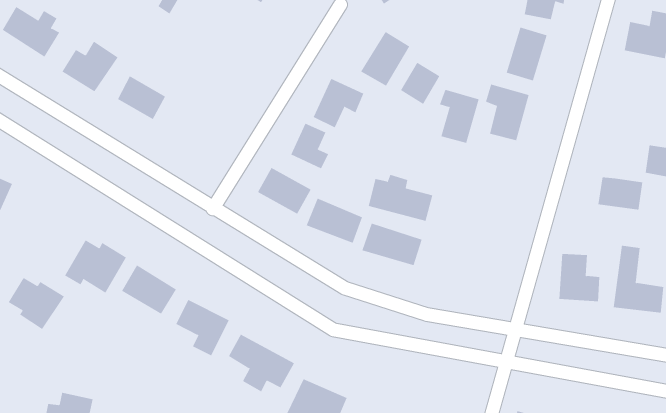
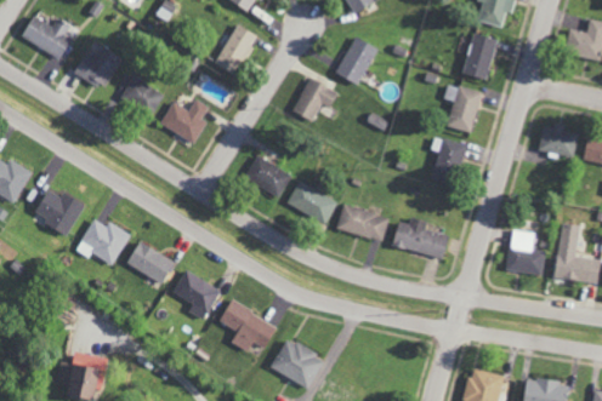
building: none -> [214,24,257,75]
building: [400,62,440,105] -> none
building: [439,89,479,143] -> [430,136,465,183]
building: none -> [160,99,209,142]
building: [290,123,329,169] -> none
building: [368,174,433,221] -> [391,217,448,258]
building: [598,177,643,210] -> [538,126,578,155]
building: [8,277,65,330] -> [34,189,84,235]

